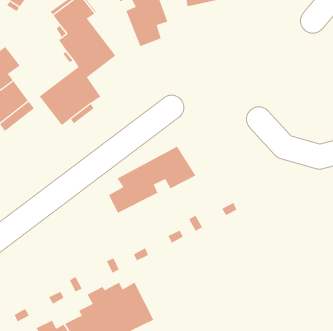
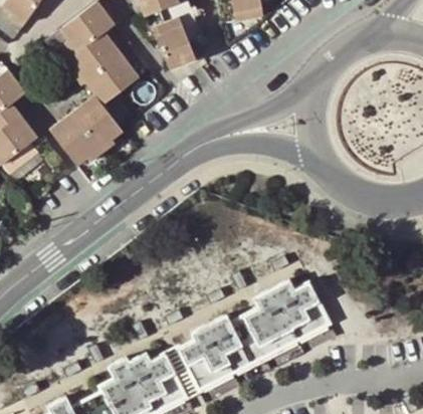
building: [108,146,196,214] -> none
building: none -> [175,279,330,392]

